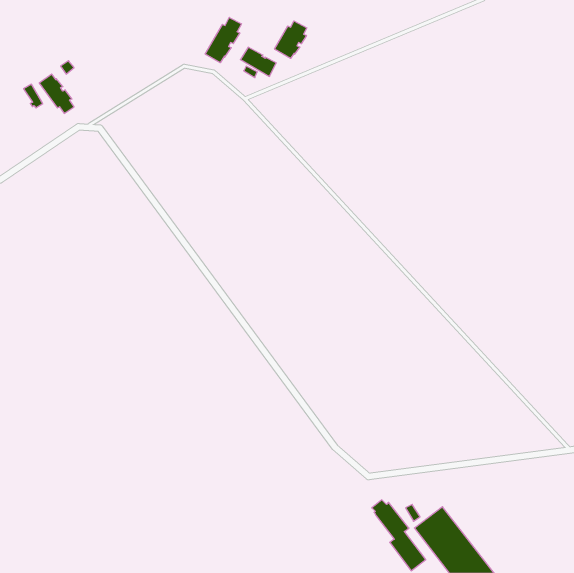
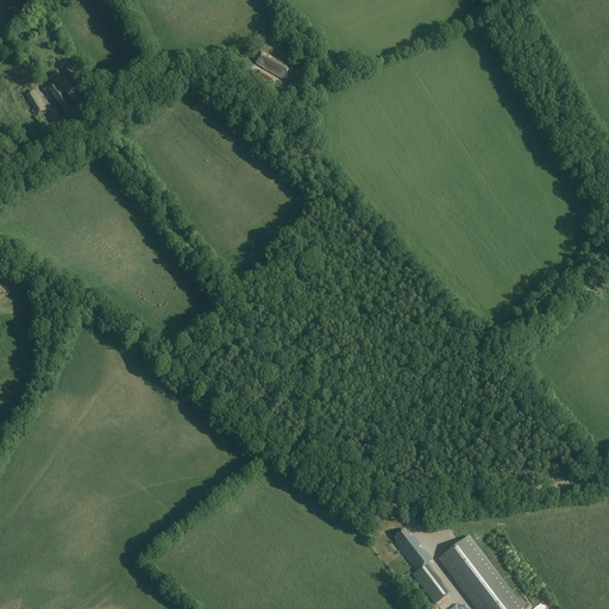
building: [205,17,241,63] -> none
building: [275,21,307,58] -> none

